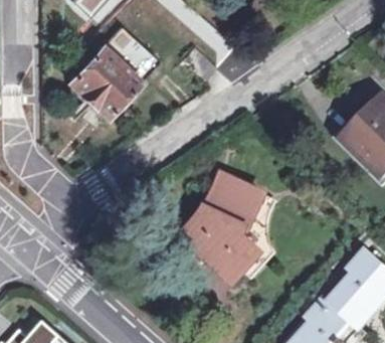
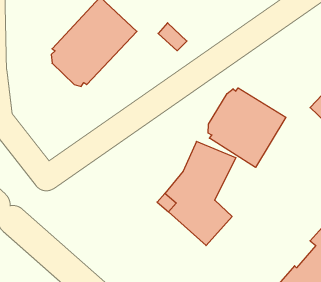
building: none -> [208,88,286,167]

